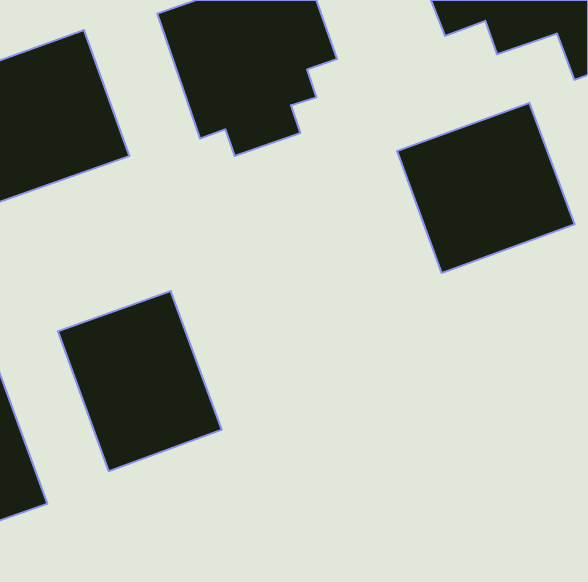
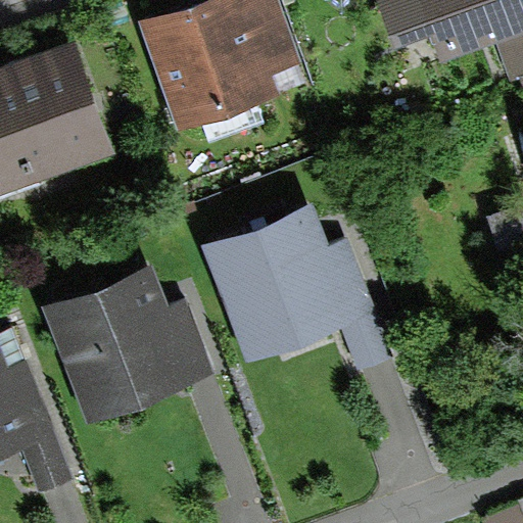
building: [397,103,575,273] -> none
building: none -> [211,209,356,369]

